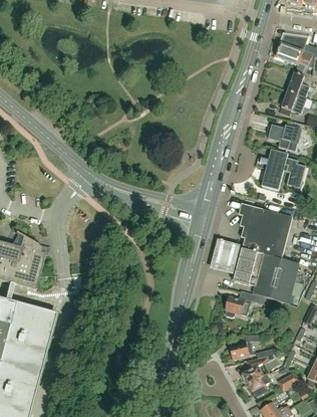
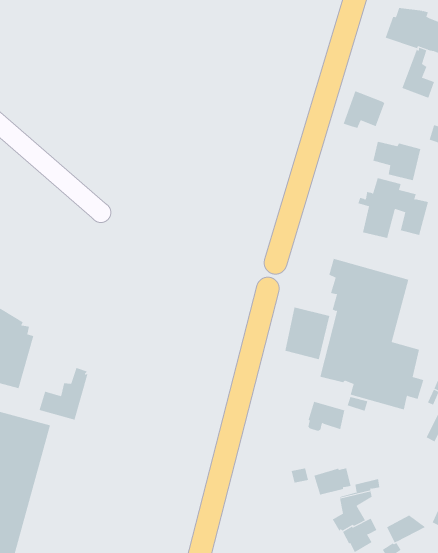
building: [280,89,308,115] -> [343,91,385,129]
building: none -> [39,367,88,421]

